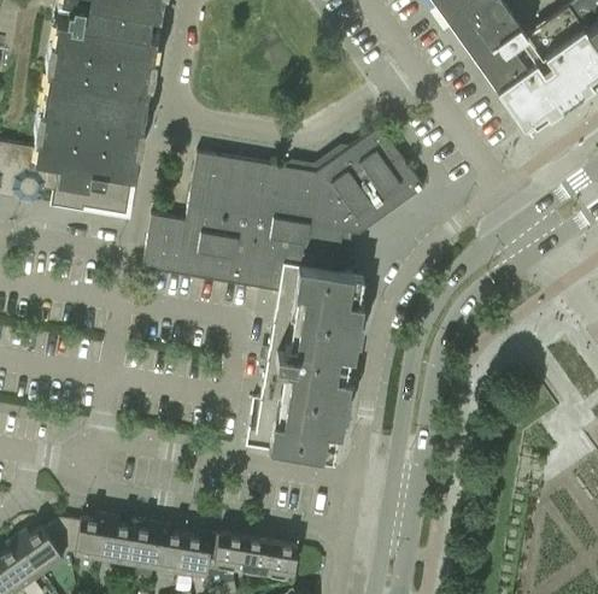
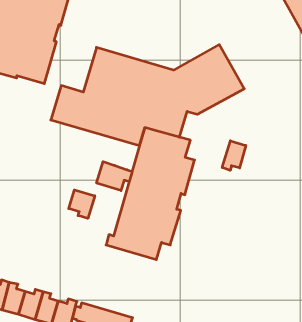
building: none -> [222,141,246,170]
building: none -> [97,162,132,191]
building: none -> [69,190,95,218]

